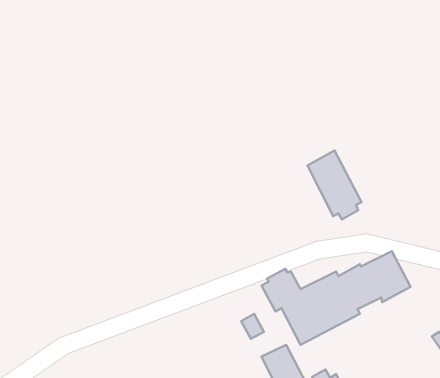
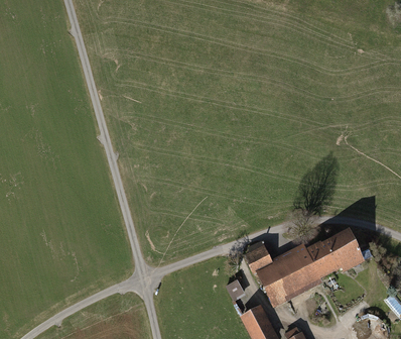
building: [307,150,362,219] -> none

